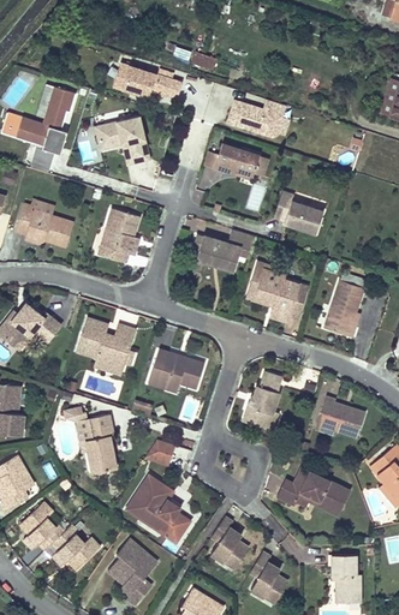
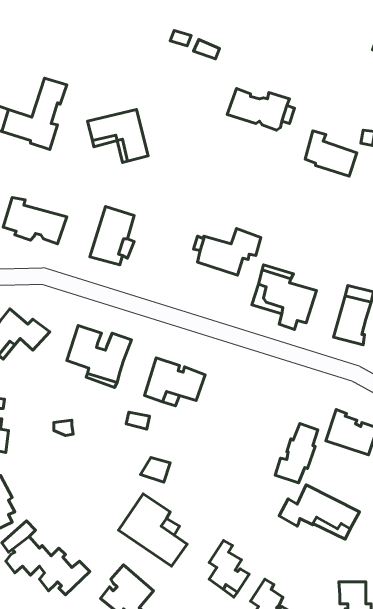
building: [109,64,181,97] -> none
building: [215,145,261,178] -> none
building: [274,190,322,232] -> [305,131,357,176]
building: [242,371,281,426] -> [275,423,318,483]
building: [85,414,115,473] -> none

